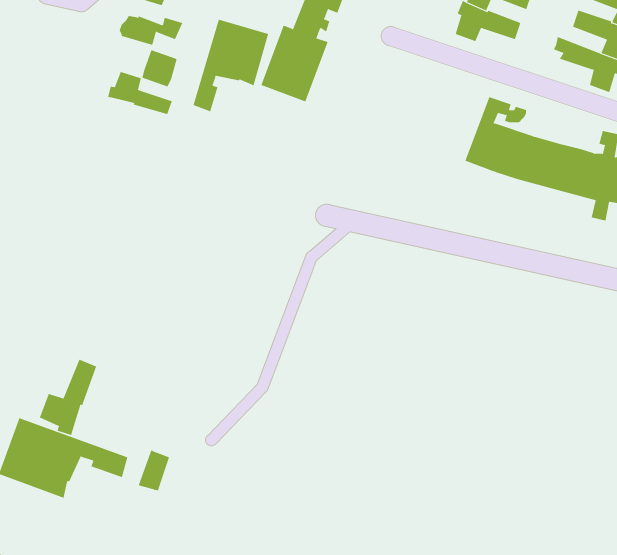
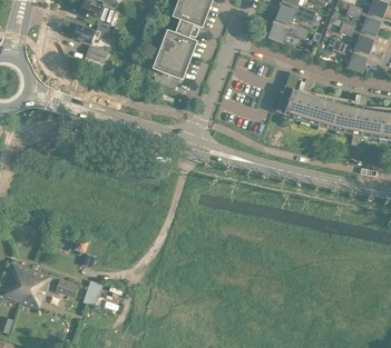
building: [193,19,269,112] -> none
building: [107,71,172,115] -> none
building: [39,359,97,436] -> none

